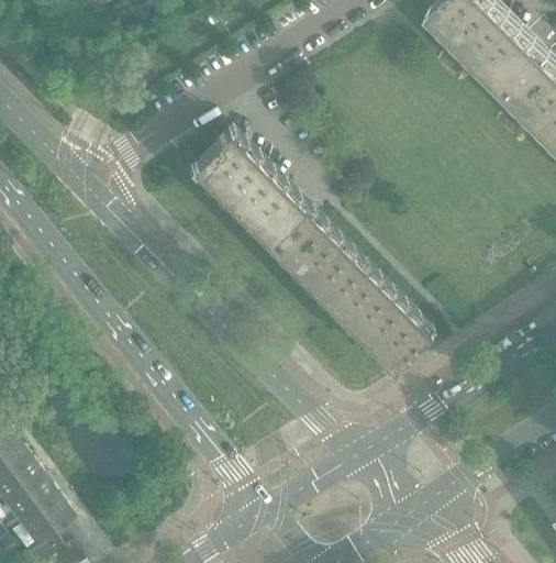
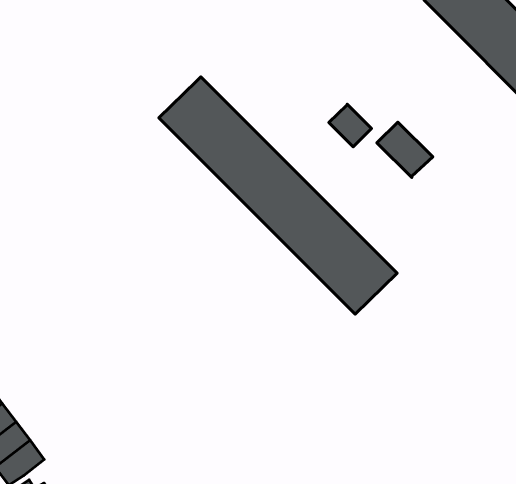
building: none -> [329,104,372,147]
building: none -> [377,122,433,178]

